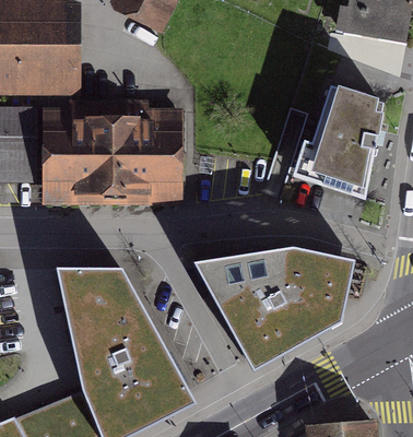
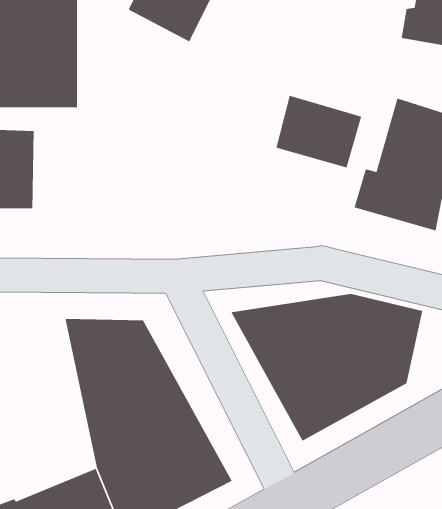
building: none -> [275,95,362,169]
building: [51,110,179,199] -> none

